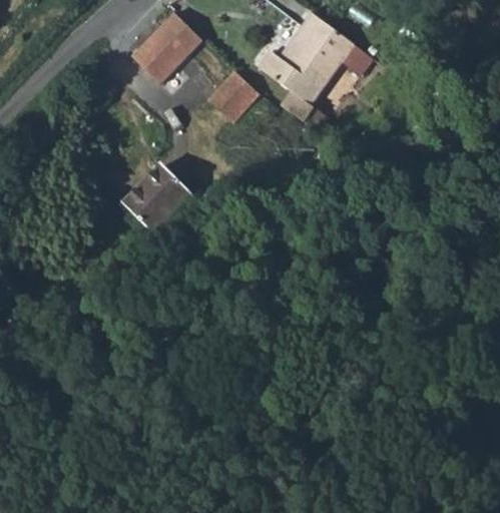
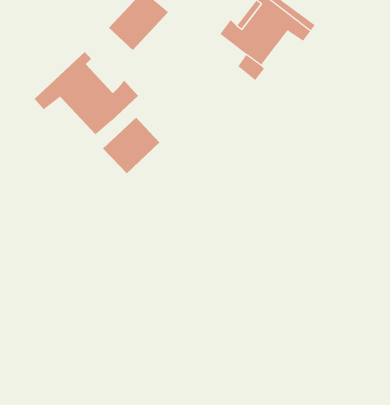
building: [209,72,260,123] -> none
building: none -> [34,51,139,135]

